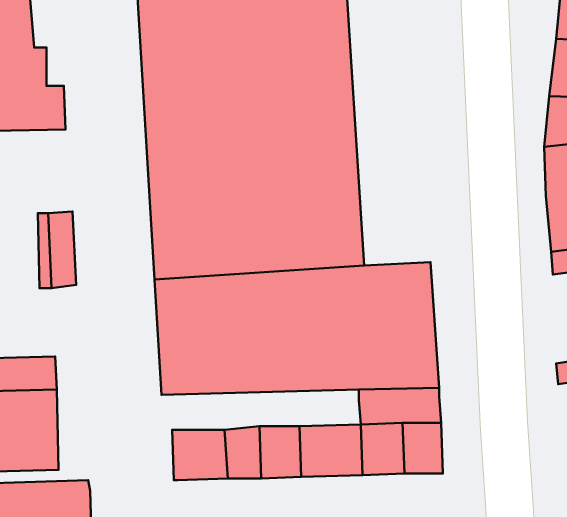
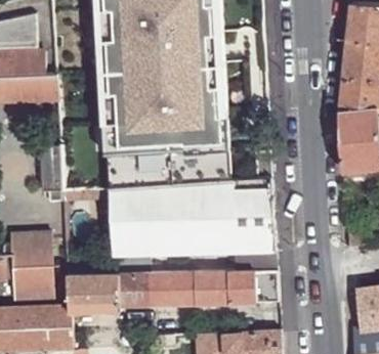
building: none -> [68,275,122,312]

